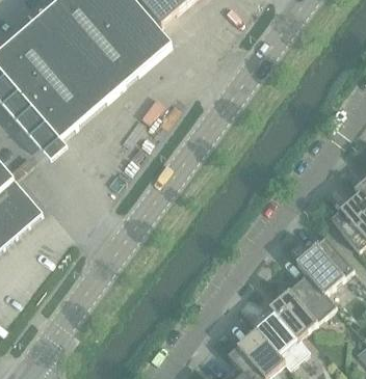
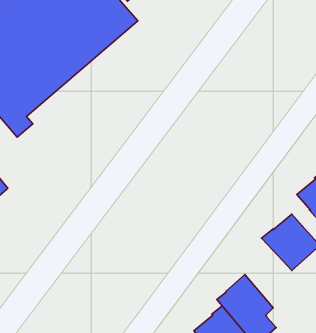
building: [278,272,335,329] -> none

